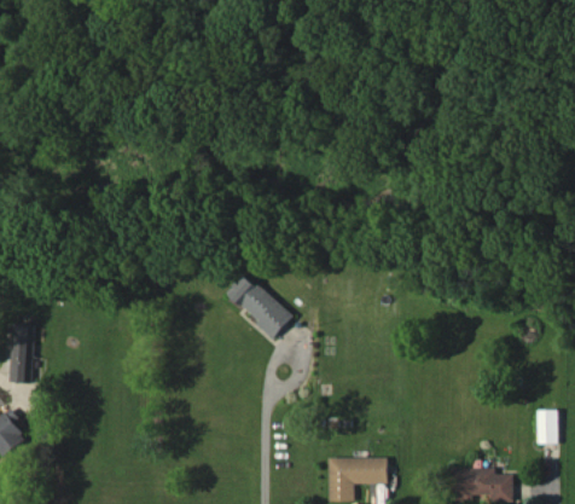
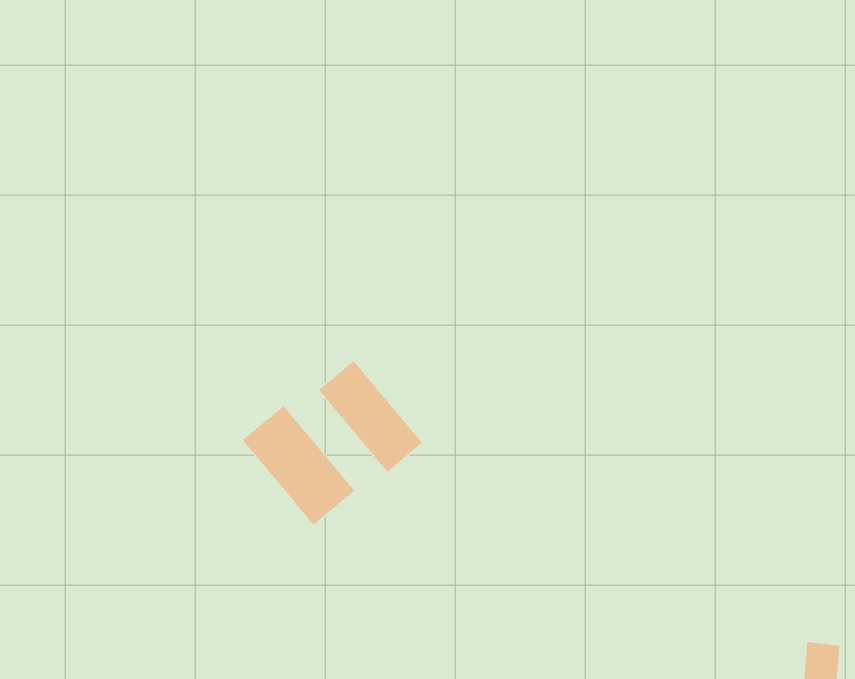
building: none -> [242,405,355,525]

